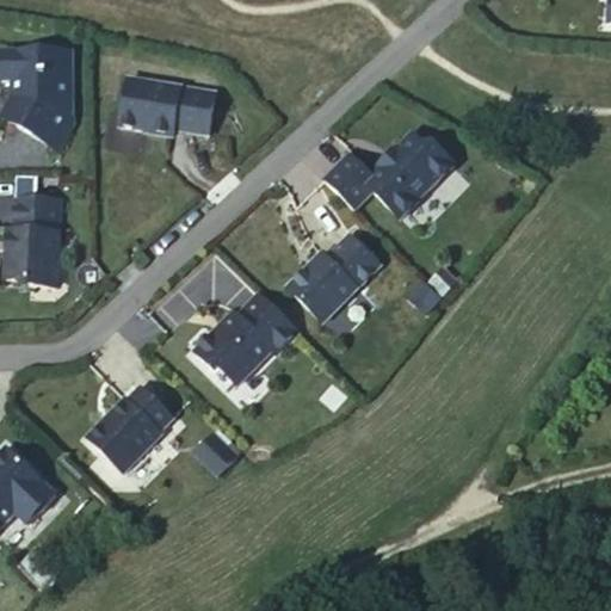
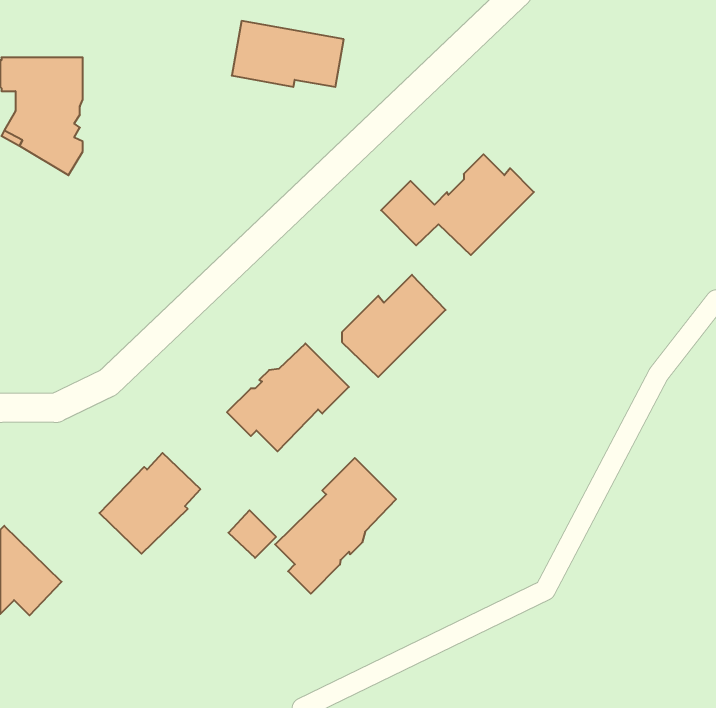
building: [119,76,215,132] -> [232,21,344,87]
building: [5,196,57,285] -> none
building: none -> [275,458,396,594]

